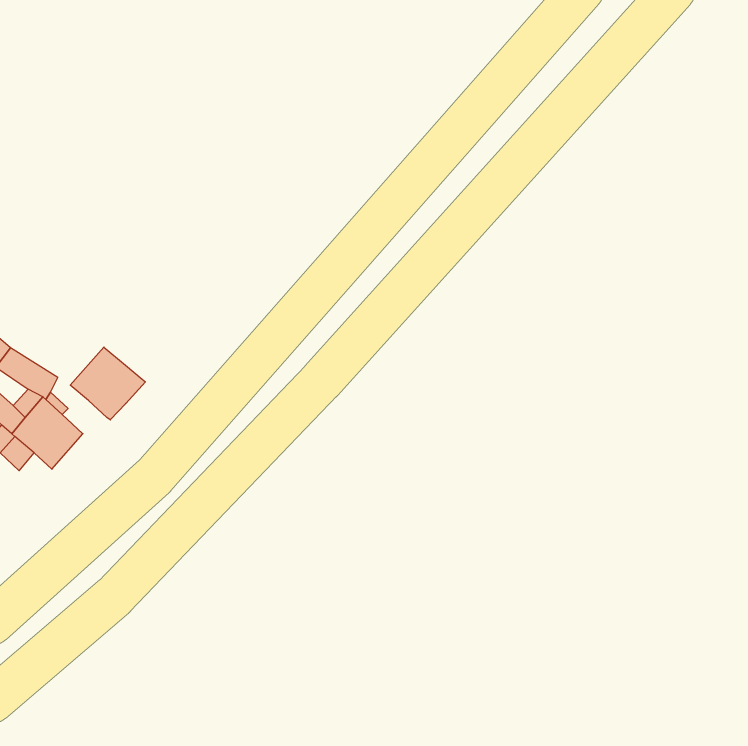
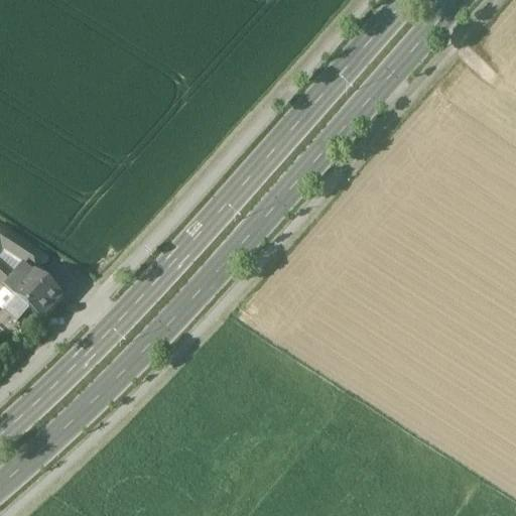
building: [70,347,145,420] -> none

